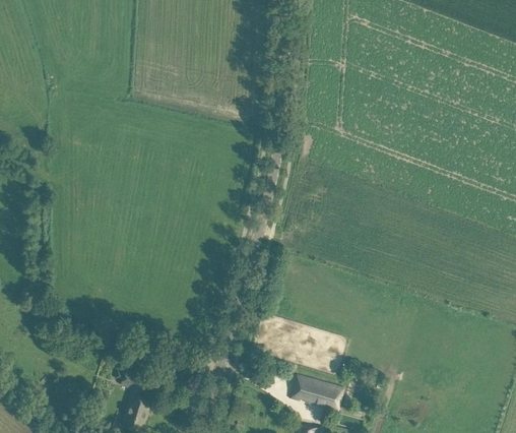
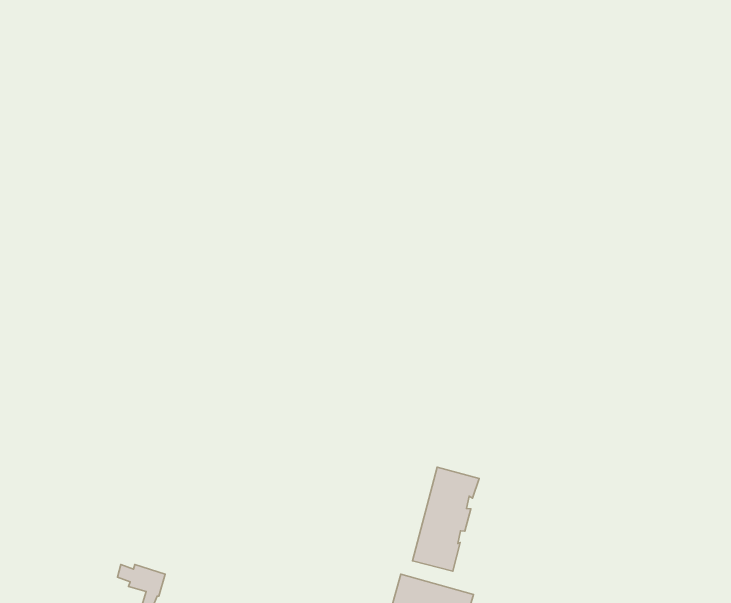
building: none -> [413,467,479,571]

